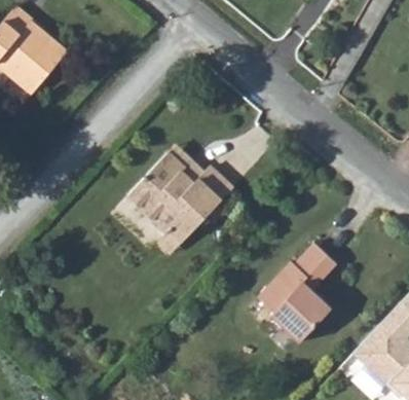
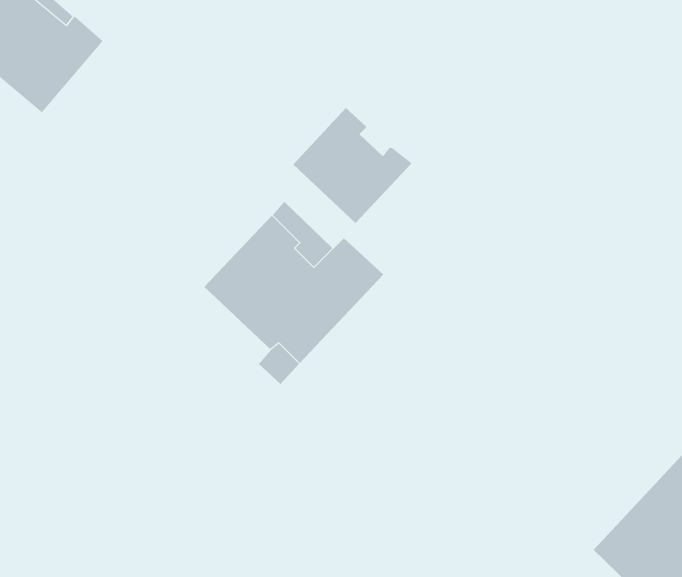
building: none -> [293,107,413,224]
building: [255,243,334,342] -> none

